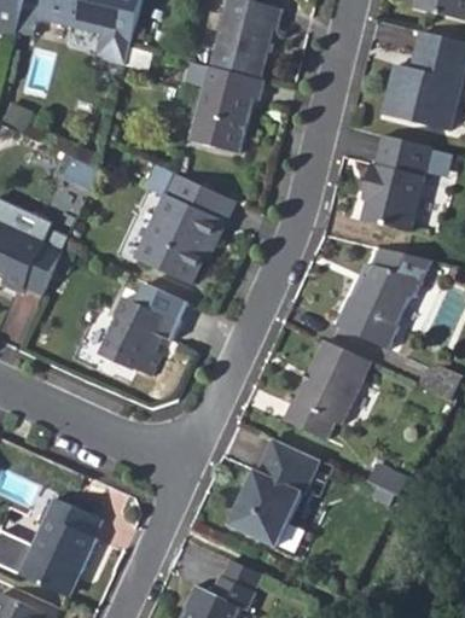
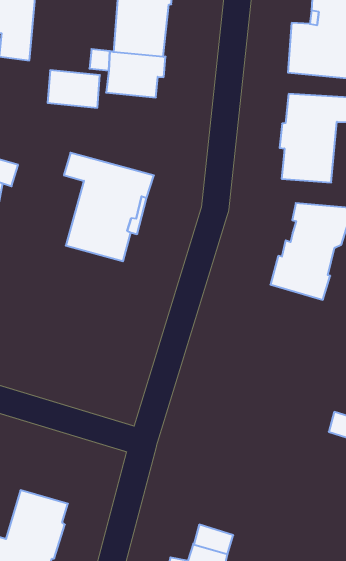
building: [190,109,246,153] -> [48,70,100,108]
building: [101,282,187,372] -> none
building: [284,340,372,441] -> none
building: [226,437,319,546] -> none

